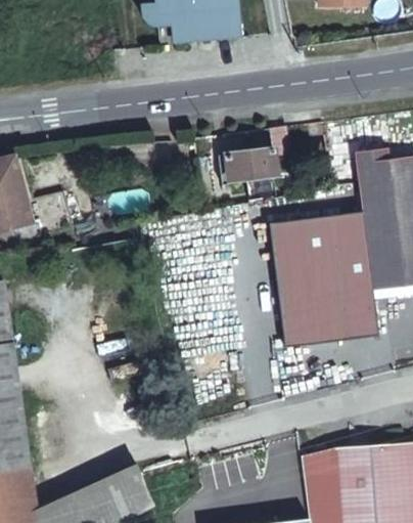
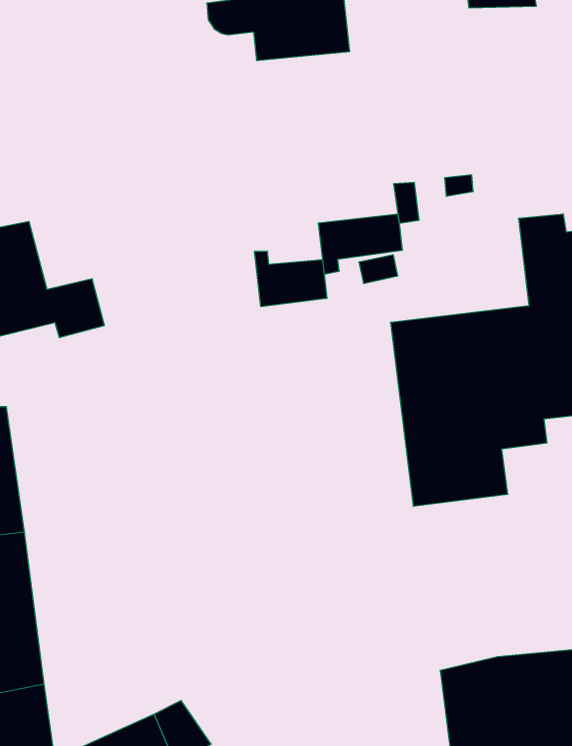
building: none -> [254,251,327,307]
building: [341,303,375,338] -> none

